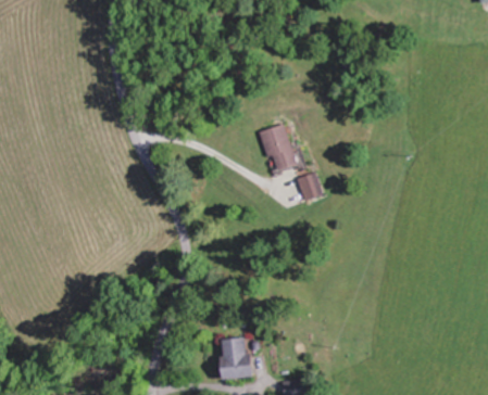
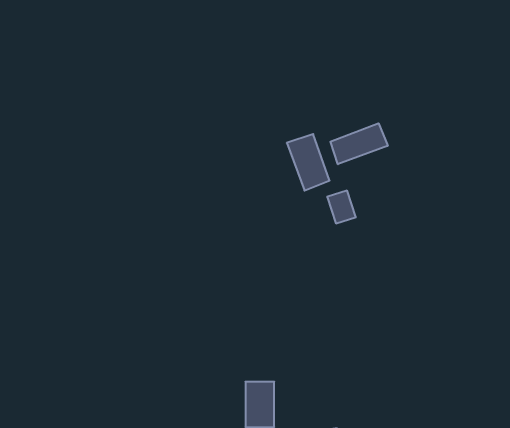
building: none -> [330,123,388,164]

